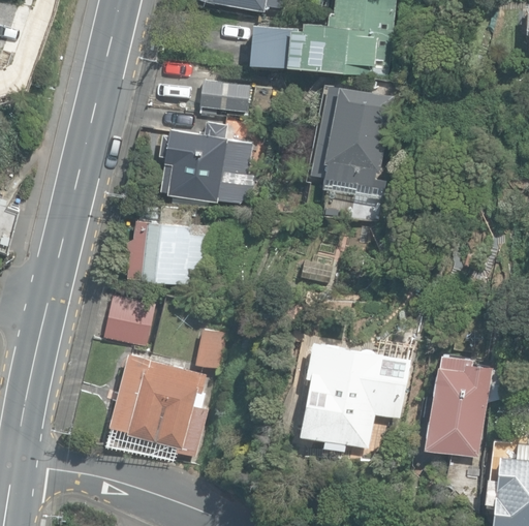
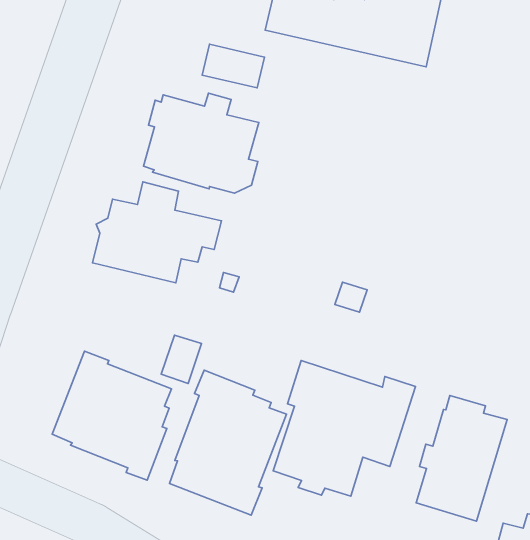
building: [309,80,401,194] -> none
building: [101,293,155,347] -> none
building: none -> [169,370,287,515]

